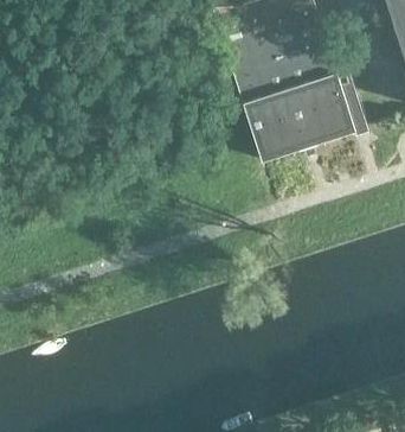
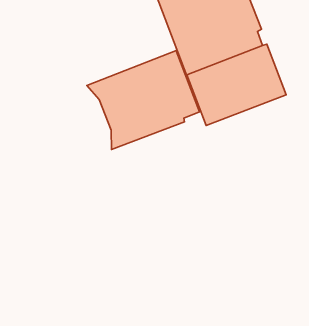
building: none -> [87,50,199,149]

